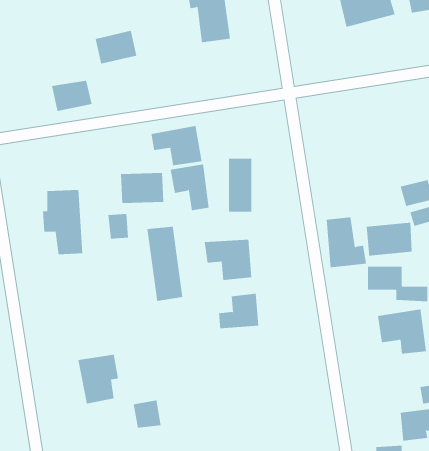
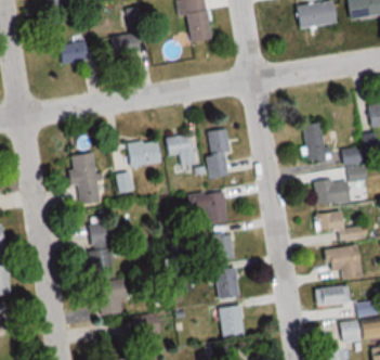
building: [51,80,92,111] -> [56,40,88,64]
building: [151,125,202,166] -> none
building: [326,217,367,268] -> [303,121,335,160]
building: [146,226,183,301] -> [87,221,115,279]
building: none -> [194,265,238,299]
building: none -> [313,286,348,305]
building: none -> [219,305,245,337]

